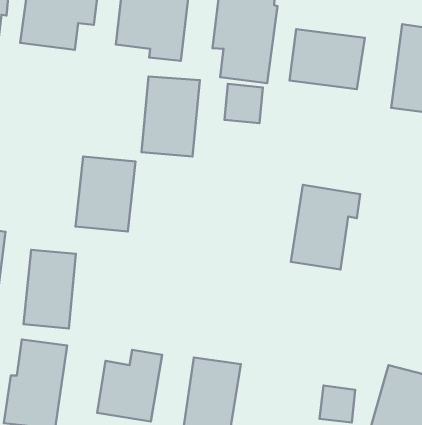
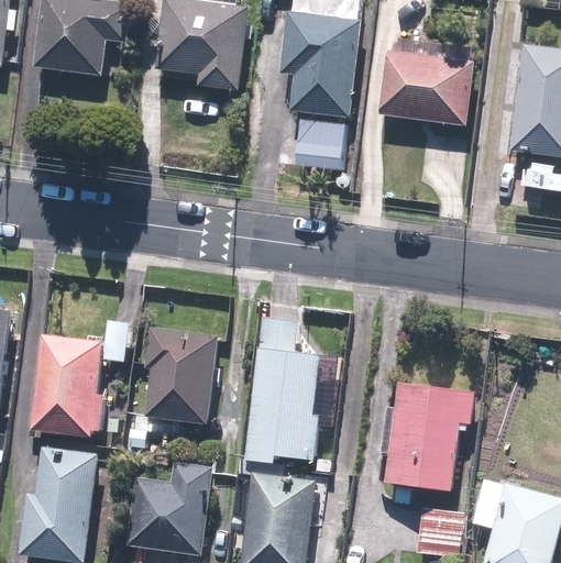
building: [141,76,200,157] -> none
building: [76,156,135,232] -> [142,328,219,424]
building: [291,185,360,269] -> [384,380,473,489]
building: none -> [244,317,326,463]

